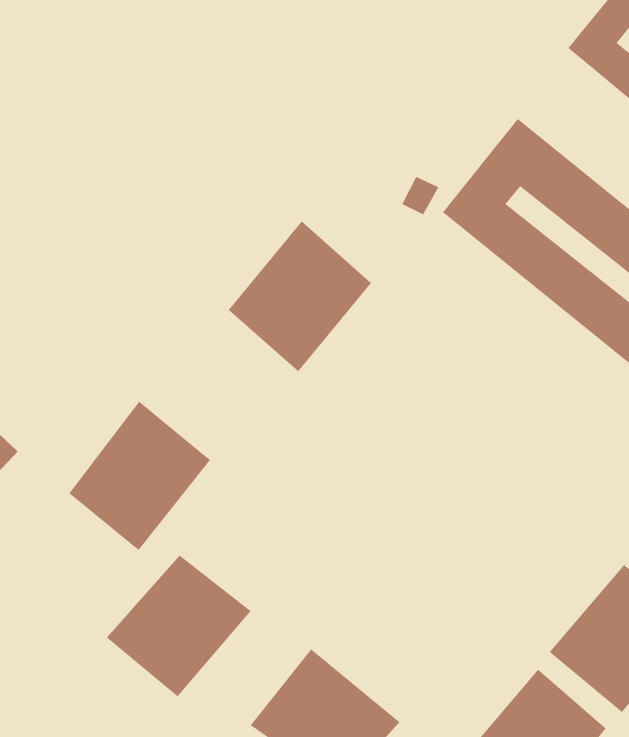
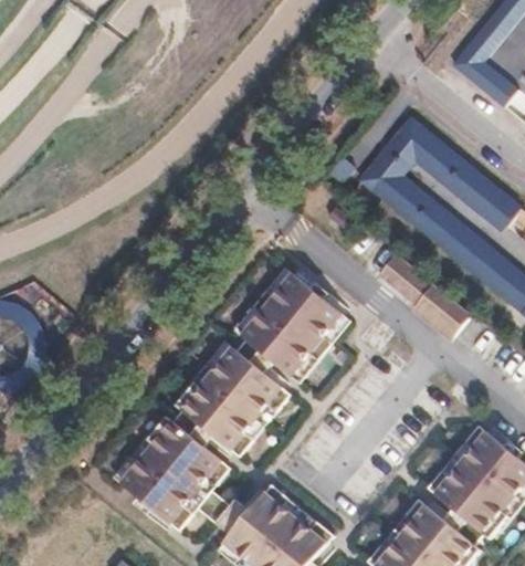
building: [228,221,372,372] -> [240,270,342,377]
building: none -> [377,252,427,301]
building: none -> [410,283,471,340]
building: [68,401,211,551] -> [181,345,282,451]

